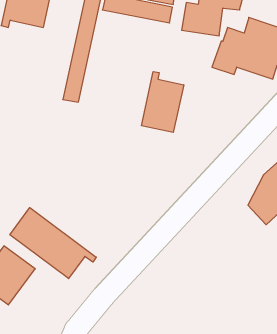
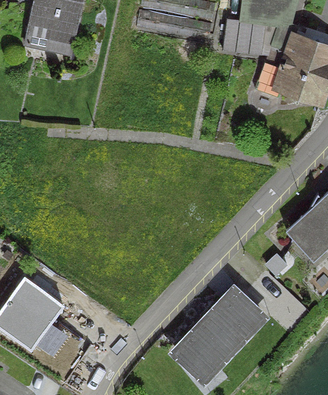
building: [142,72,184,132] -> none
building: [10,208,96,279] -> none
building: none -> [174,293,262,374]

